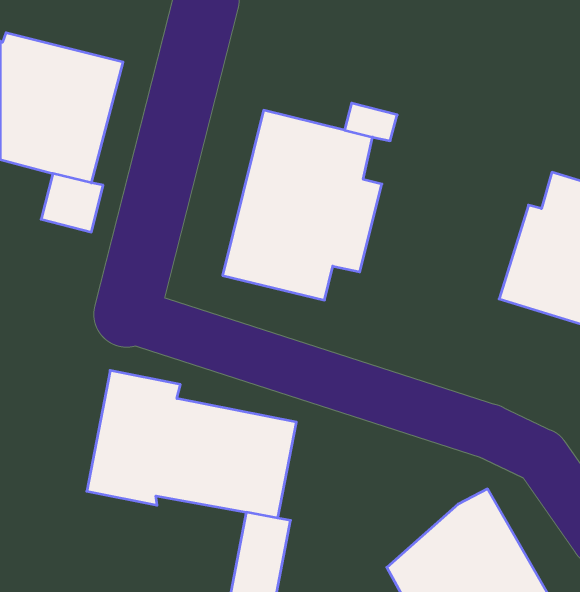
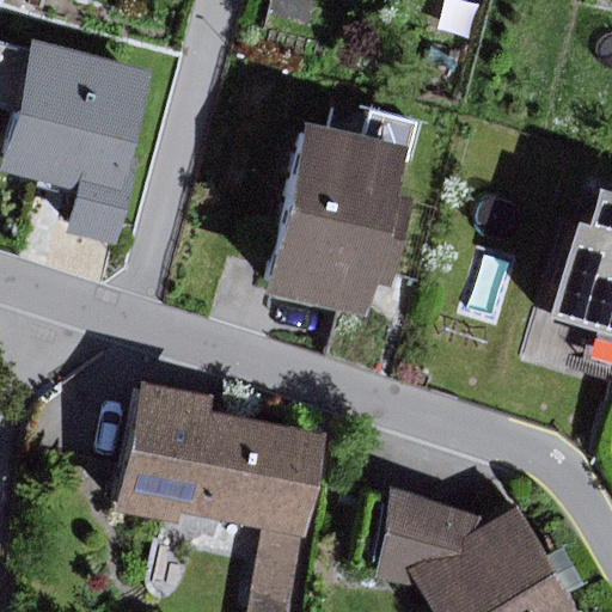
building: none -> [372,488,486,586]

